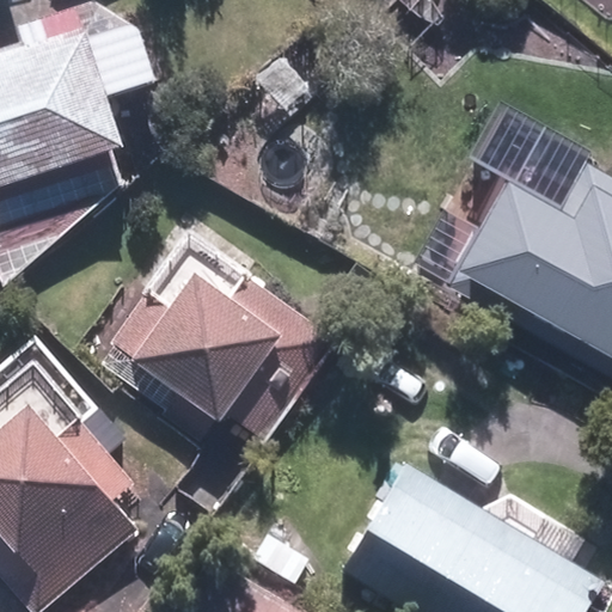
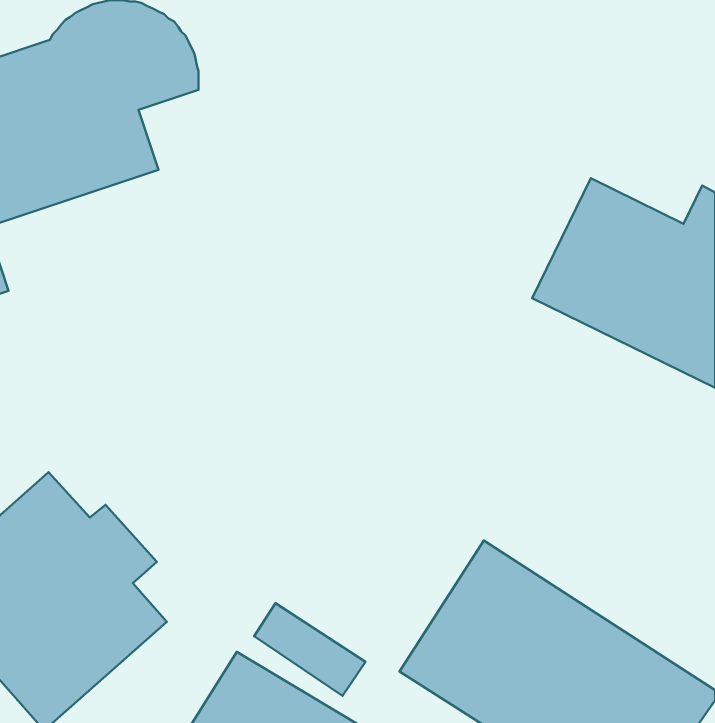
building: [91,269,335,443] -> none

